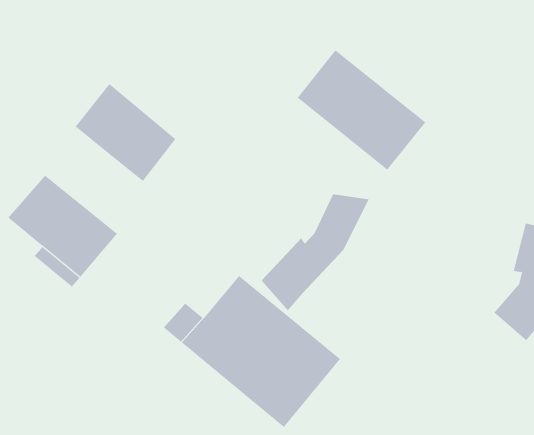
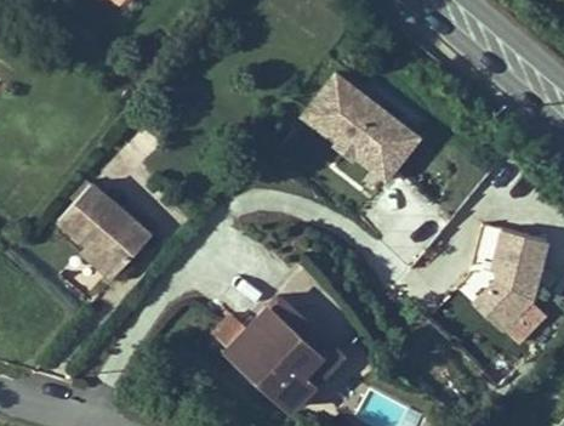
building: [75,83,176,182] -> none
building: [261,194,369,311] -> none

